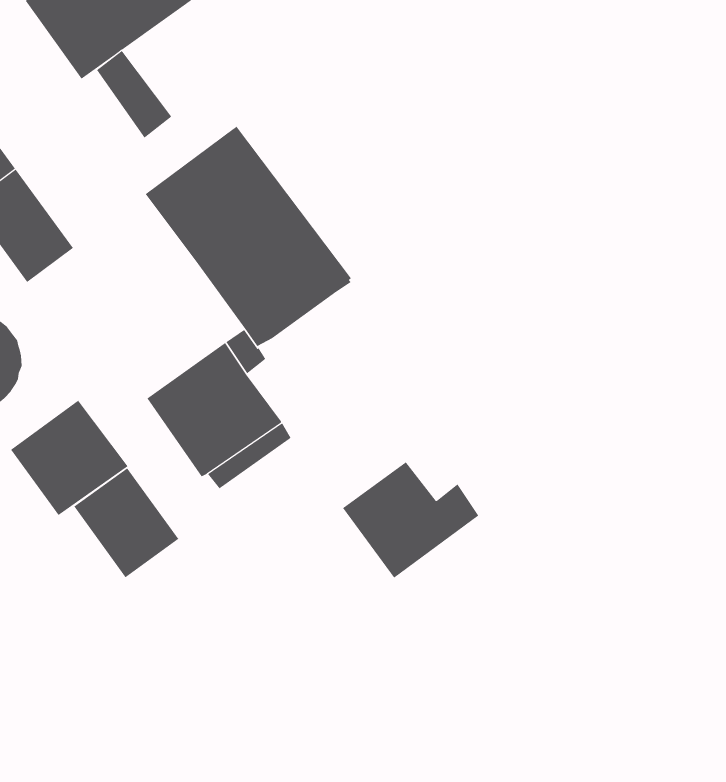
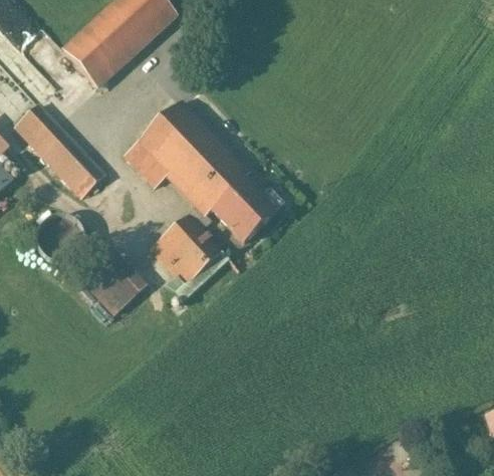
building: [96,50,172,138] -> [124,144,166,188]
building: [342,462,479,579] -> [211,182,282,243]
building: [73,467,179,578] -> none

